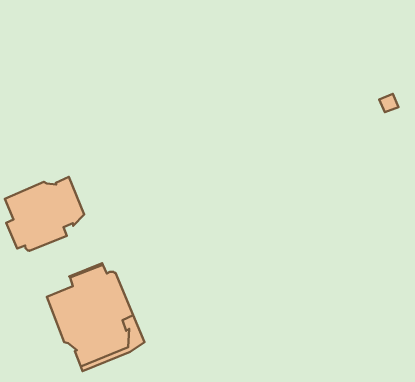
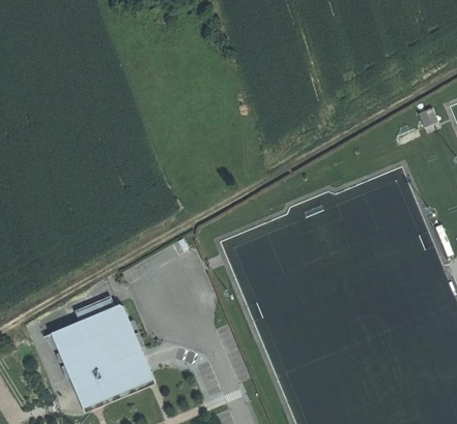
building: [5,177,84,251] -> none

